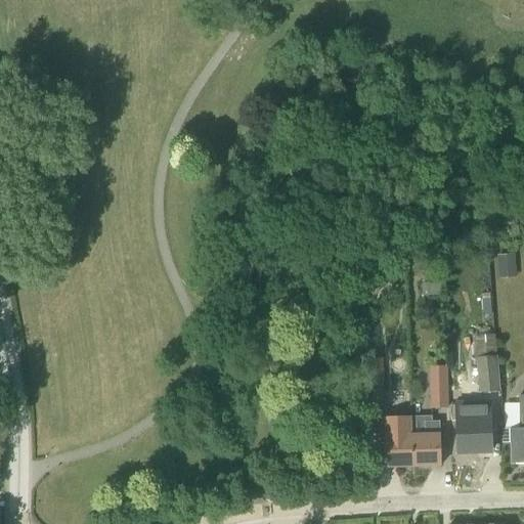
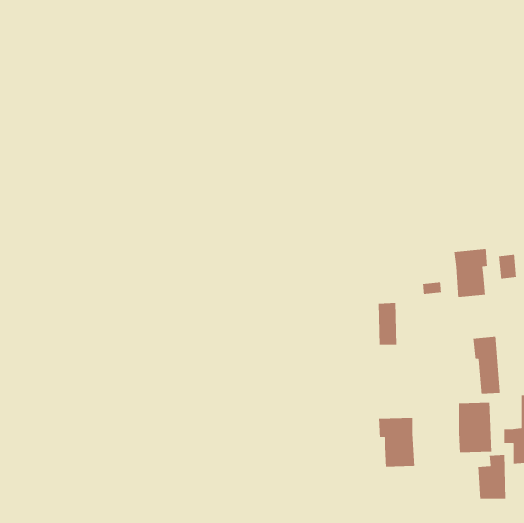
building: none -> [453,248,488,298]
building: [429,361,448,404] -> [378,302,397,345]
building: [412,420,441,465] -> [478,454,506,499]

